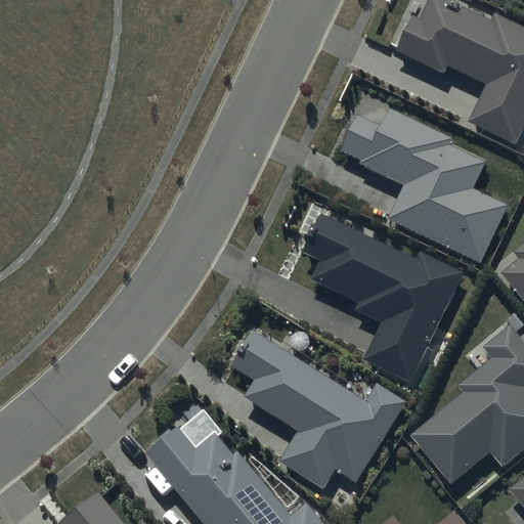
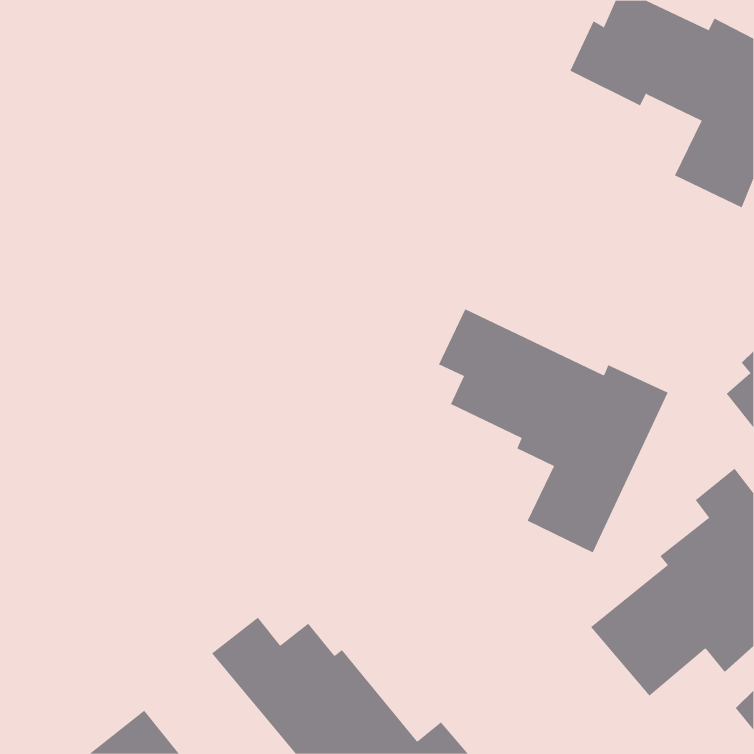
building: [342,108,510,264] -> none
building: [232,330,408,490] -> none

